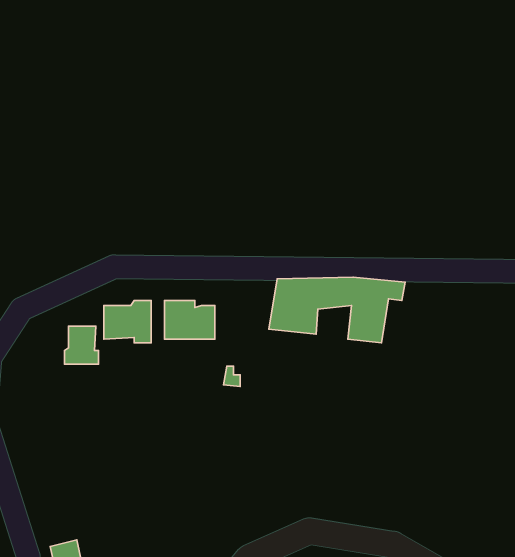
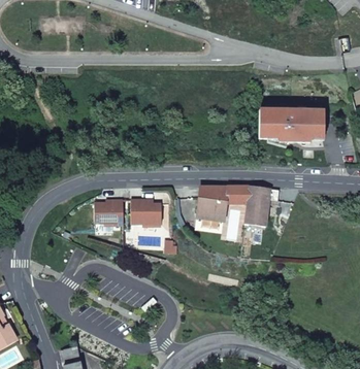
building: none -> [261,109,324,141]
building: [65,326,99,364] -> none

